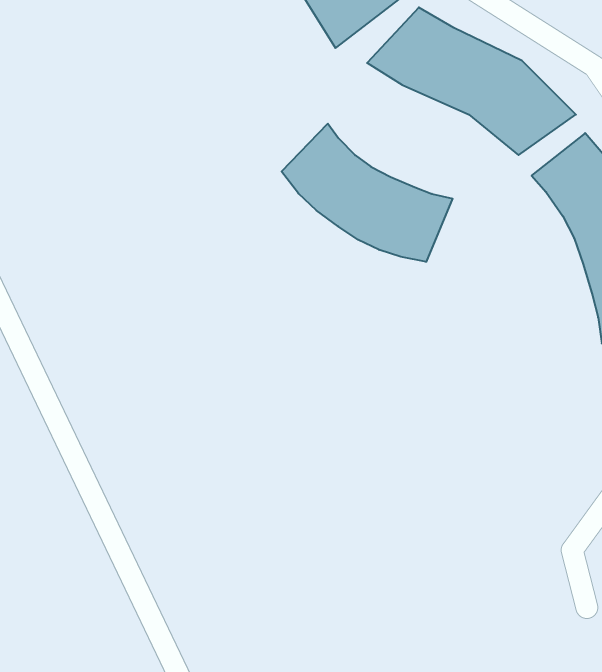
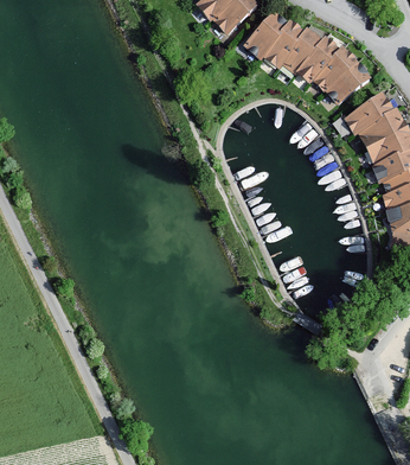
building: [282,124,453,262] -> none

